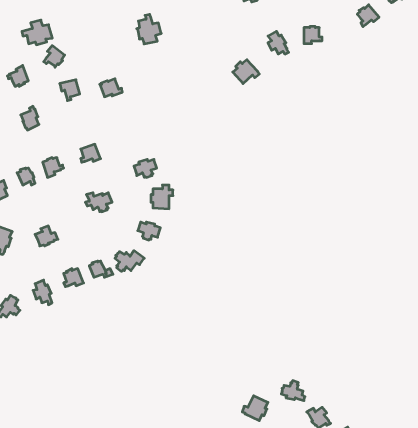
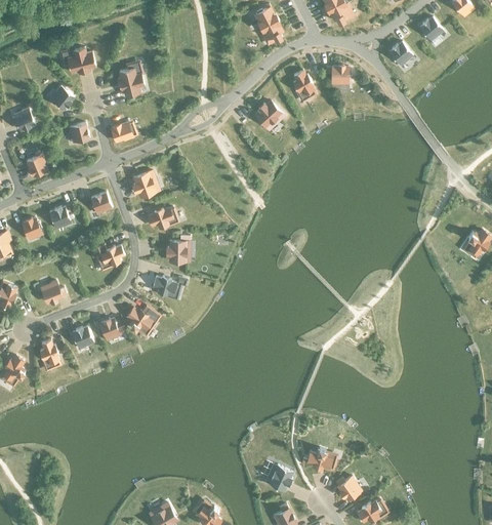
building: [137,14,161,44] -> [117,65,144,96]
building: [22,20,52,45] -> [63,47,95,74]
building: none -> [132,171,155,197]

